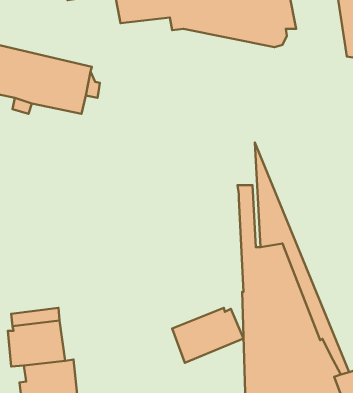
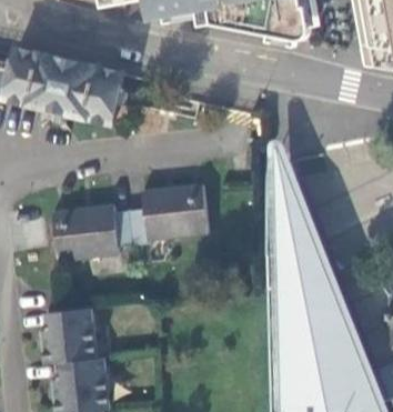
building: none -> [50,183,209,261]
building: [172,308,244,363] -> none

